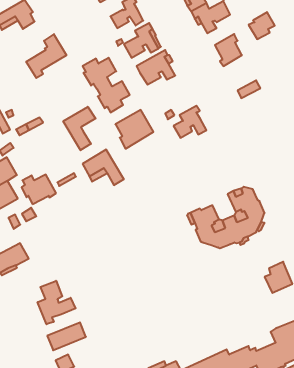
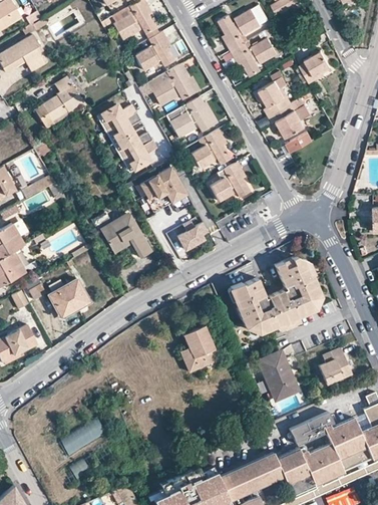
building: none -> [270,96,312,138]
building: none -> [193,129,232,168]
building: [63,107,96,150] -> none
building: none -> [178,220,209,249]
building: [22,175,56,204] -> [49,279,90,314]
building: none -> [181,325,219,370]
building: none -> [259,350,301,402]
building: [38,281,76,324] -> none
building: none -> [291,411,335,443]

